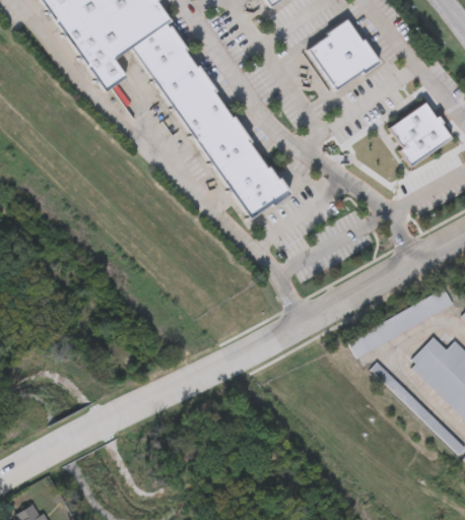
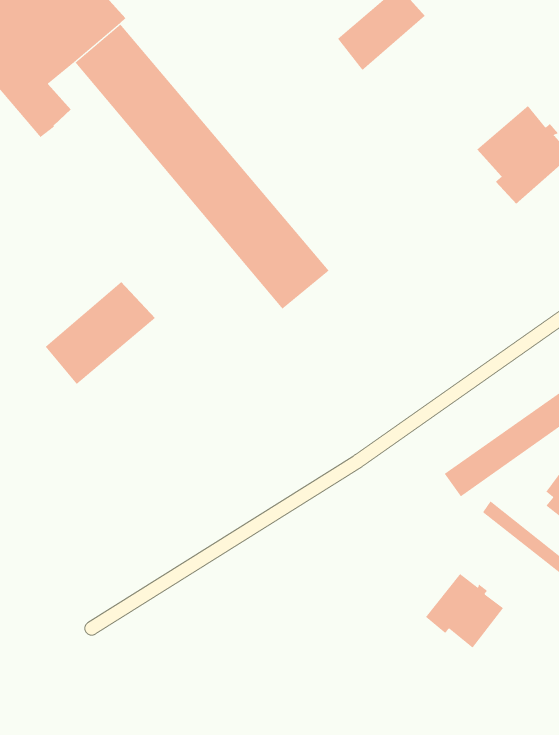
building: [322,39,382,92] -> none
building: none -> [45,281,156,385]
building: none -> [425,573,504,649]

